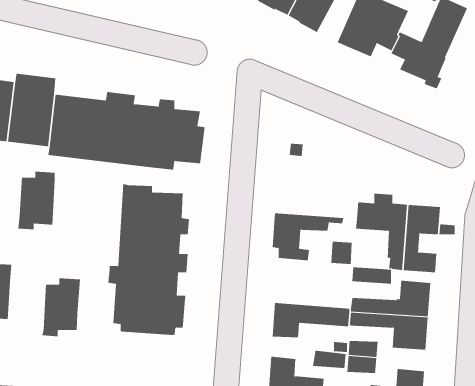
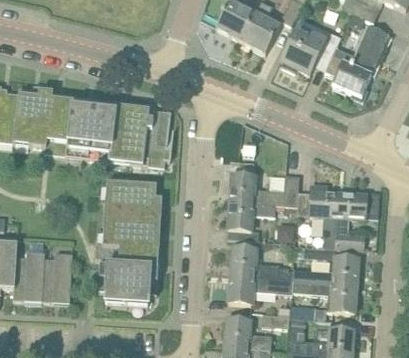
building: [18,171,55,230] -> [13,251,44,299]
building: none -> [231,173,300,205]
building: none -> [231,246,294,278]

